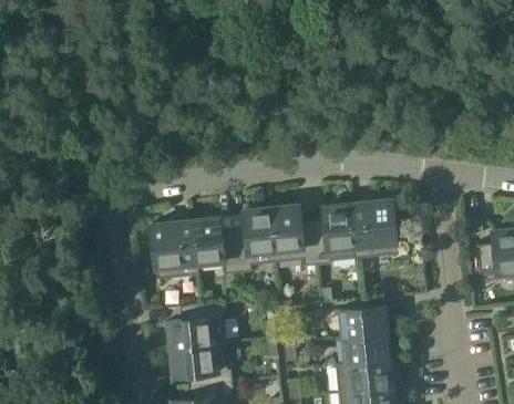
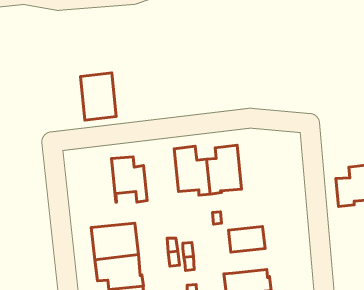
building: [350,198,395,258] -> none
building: [232,207,276,272] -> none
building: [151,219,196,279] -> [80,73,116,120]
building: [333,333,388,365] -> none

